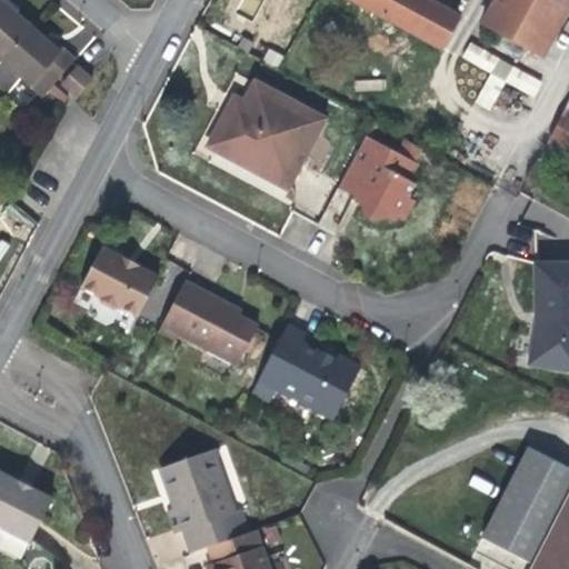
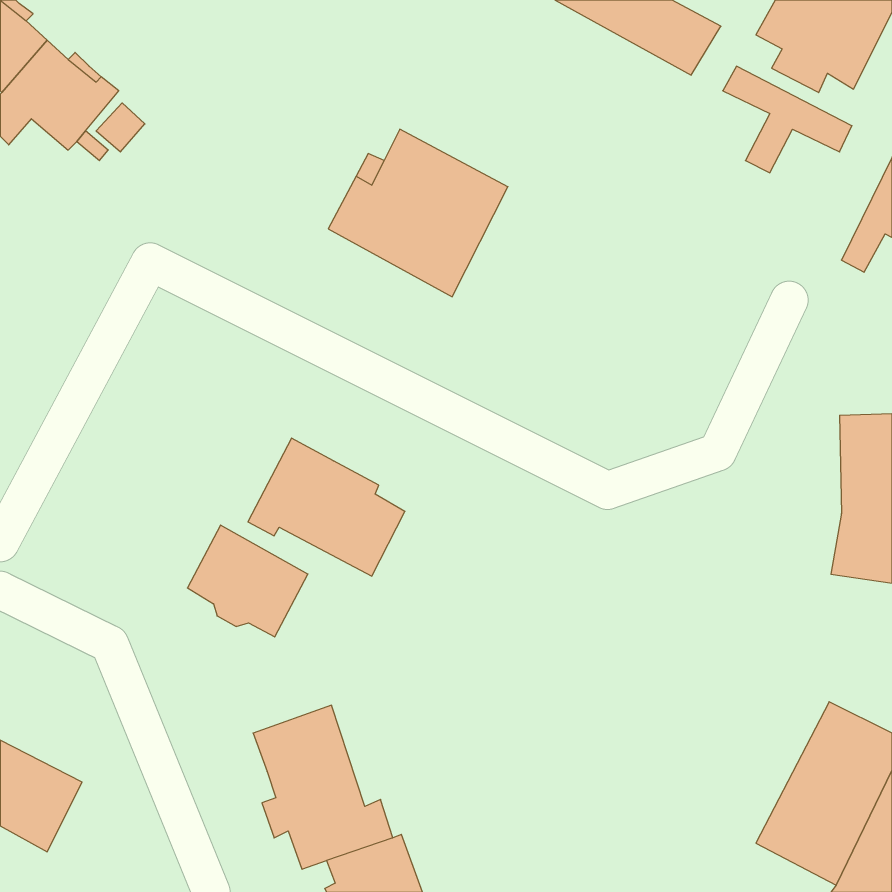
building: [338,136,418,223] -> none
building: [81,246,158,317] -> [187,525,308,637]
building: [252,326,361,419] -> none

